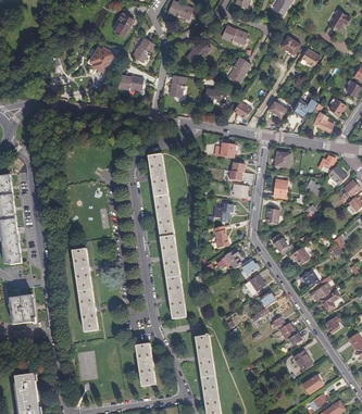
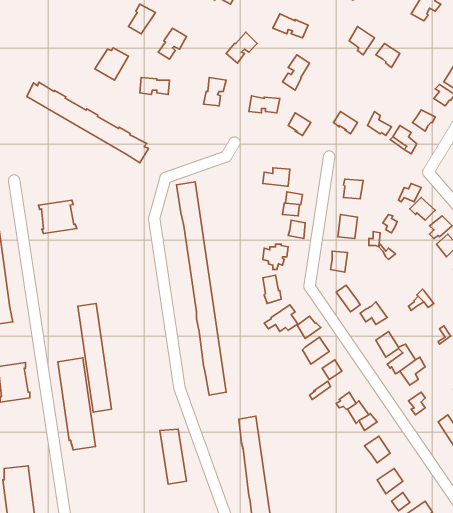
building: none -> [27,82,149,163]
building: none -> [38,200,77,233]
building: none -> [58,358,96,450]

